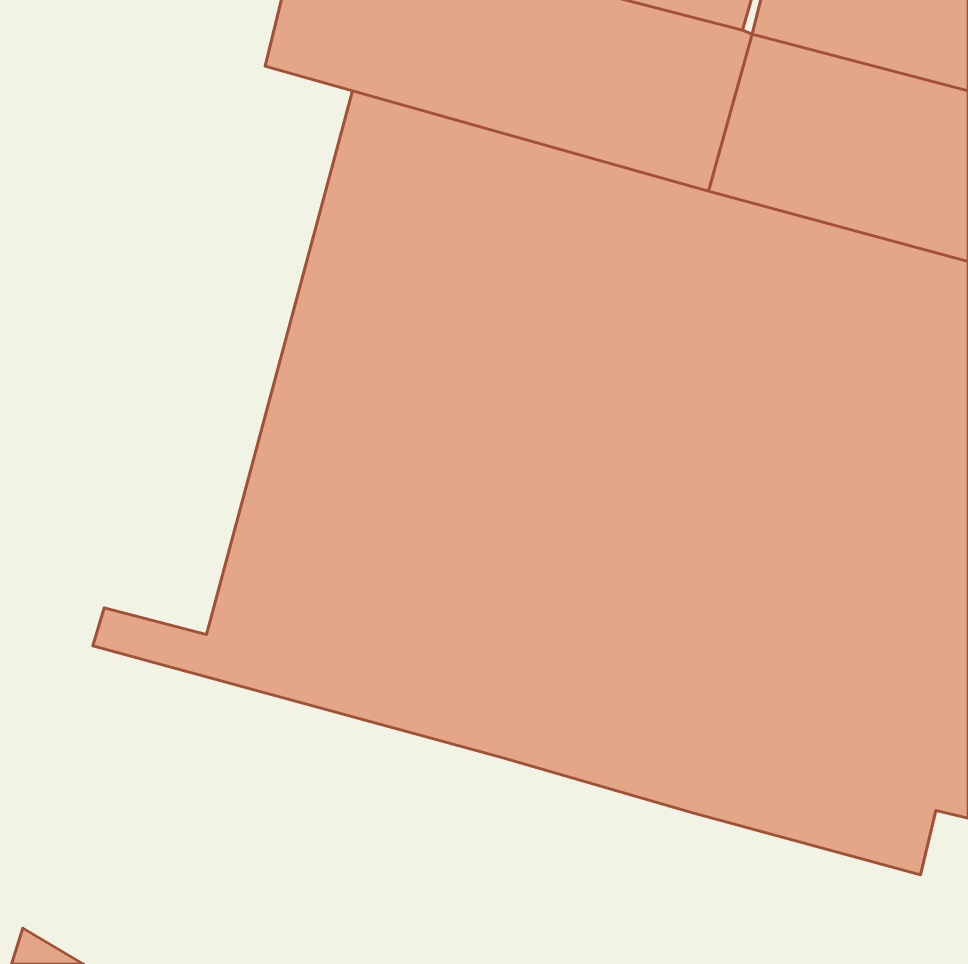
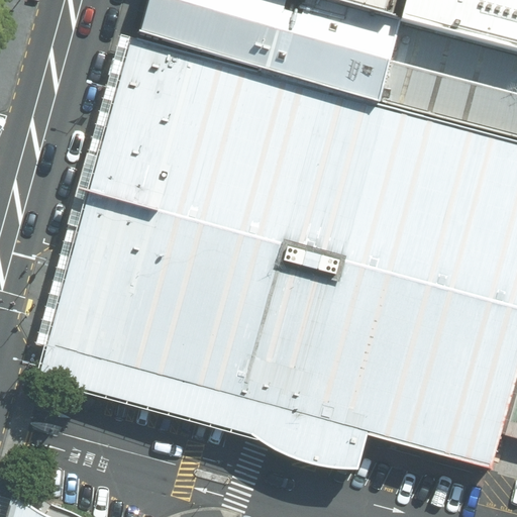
building: none -> [56,33,188,338]
building: none -> [42,344,369,468]

